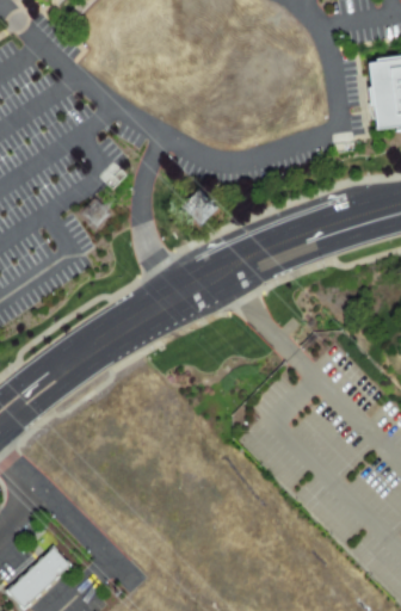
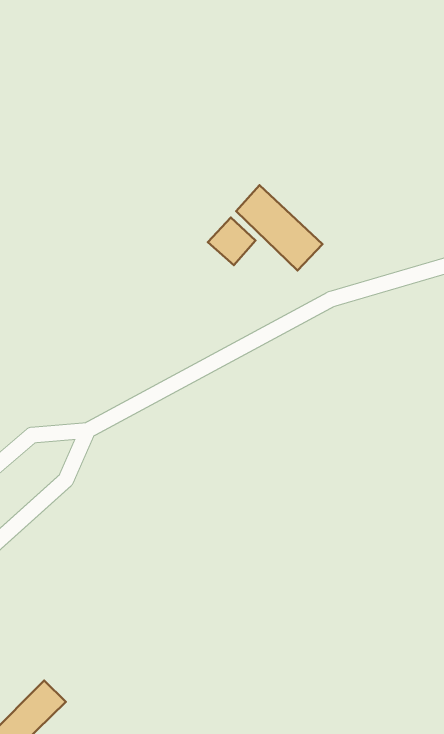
building: none -> [236,185,323,270]

